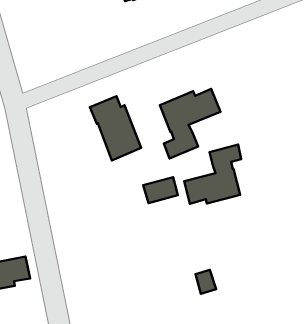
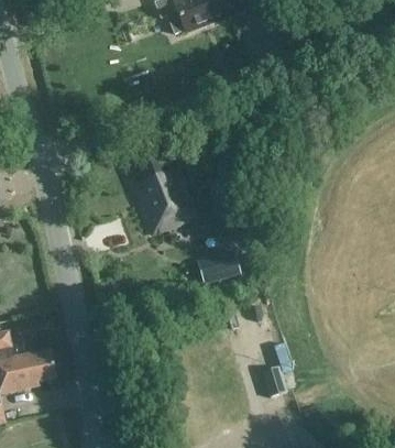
building: [160,89,221,159] -> none
building: [184,144,241,204] -> none

